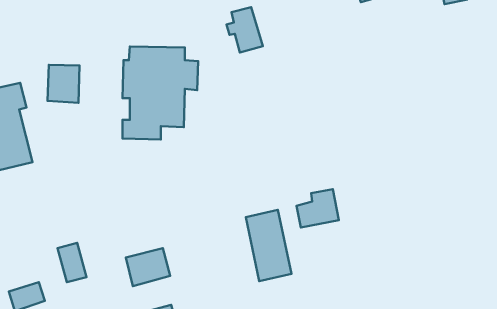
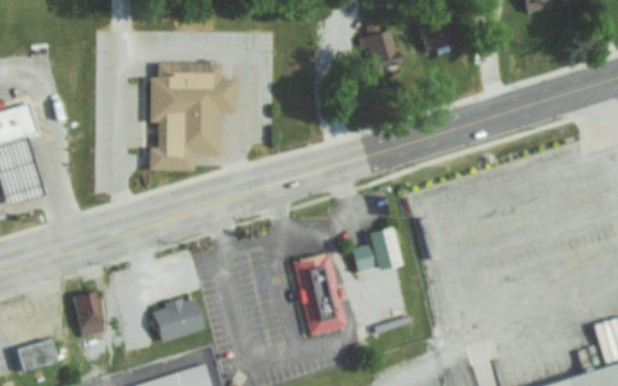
building: [226,7,263,52] -> [357,18,400,71]
building: none -> [420,21,455,51]
building: [48,65,79,103] -> none

